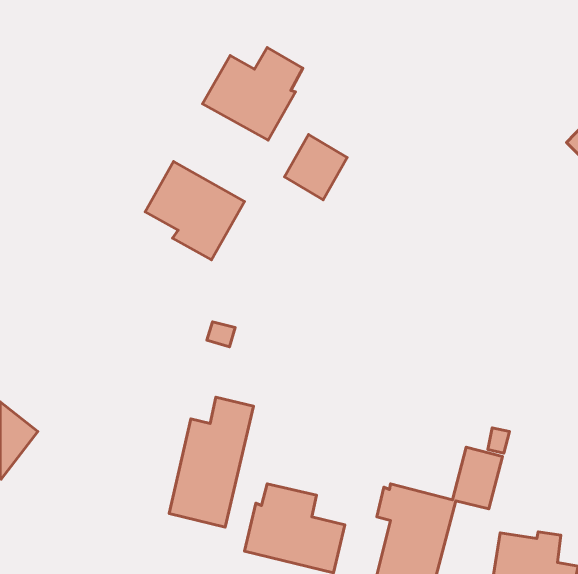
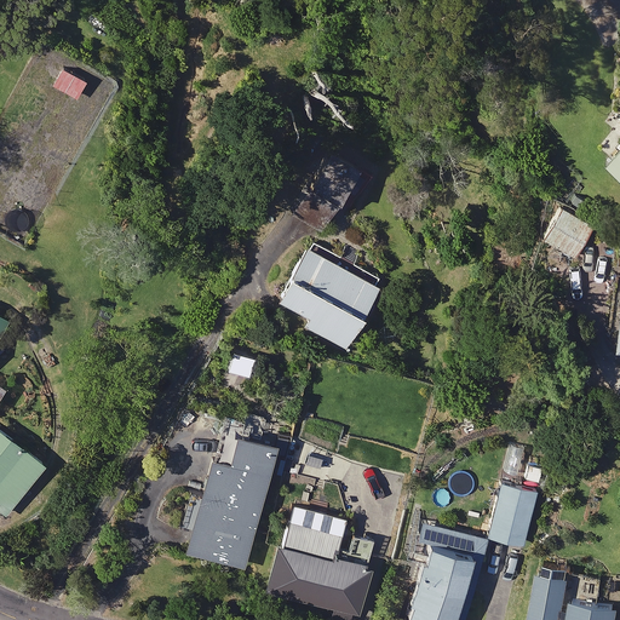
building: [203,48,303,140] -> none
building: [145,162,244,260] -> [275,246,380,350]
building: none -> [542,212,596,263]

